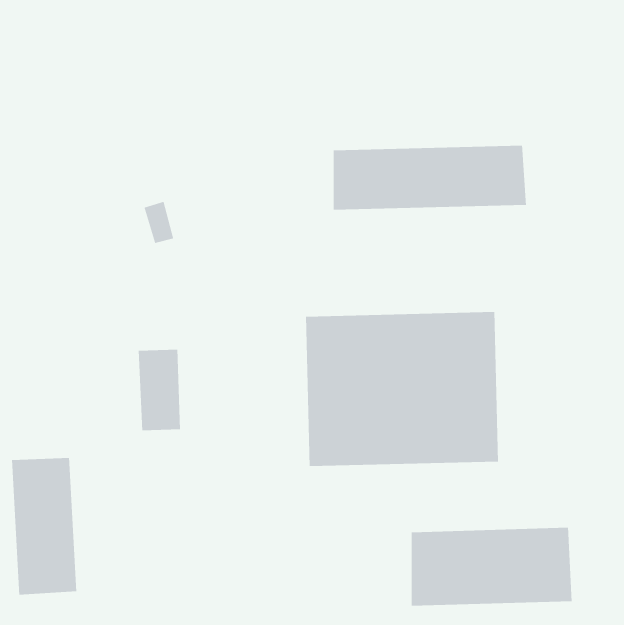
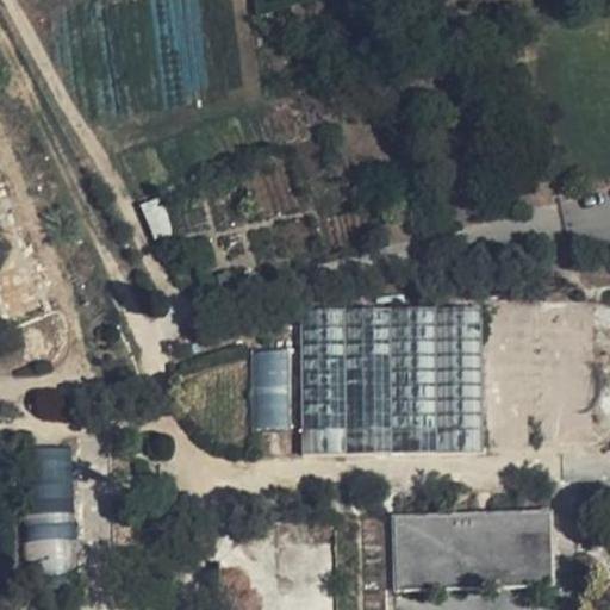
building: [333,145,527,211] -> none
building: [138,349,181,431] -> [247,349,288,429]

